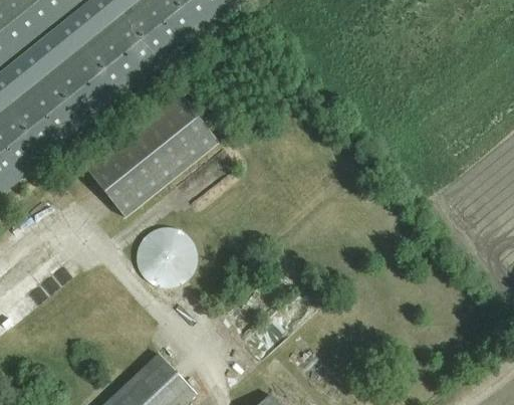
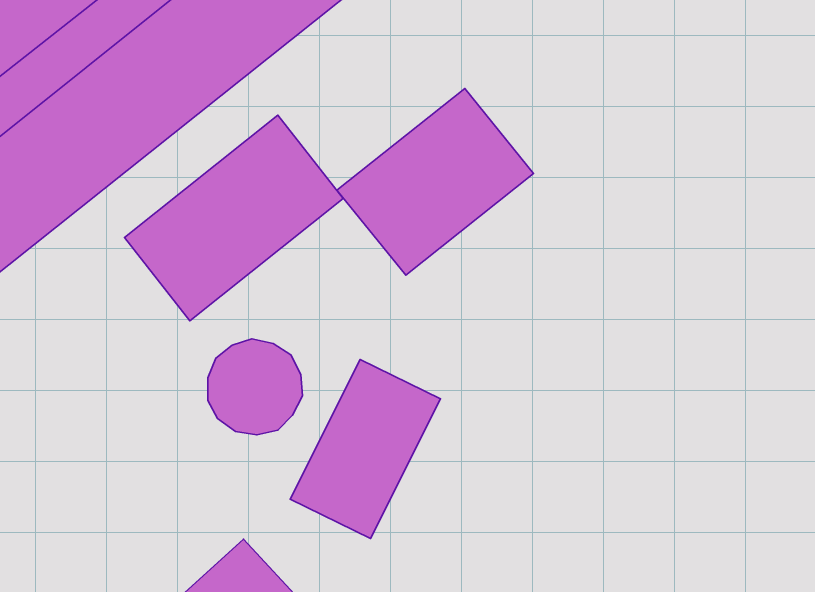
building: none -> [337,88,533,275]
building: none -> [290,360,440,538]

